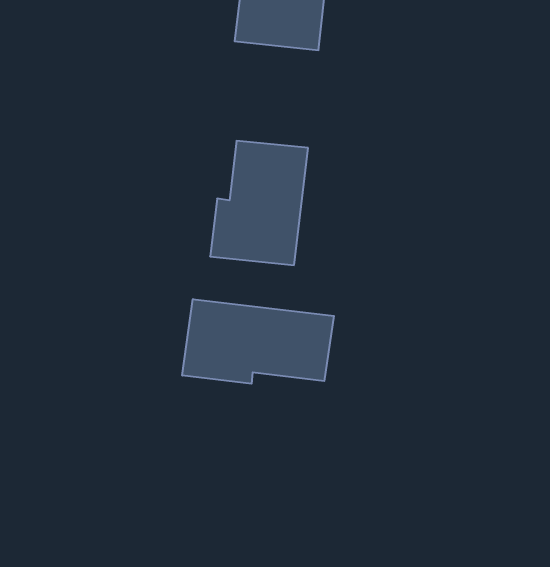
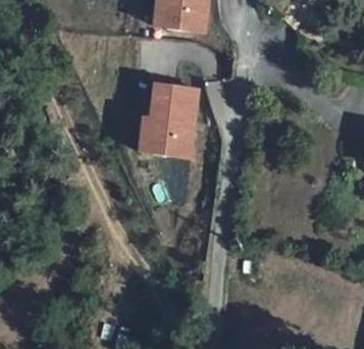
building: [182,299,334,384] -> none

